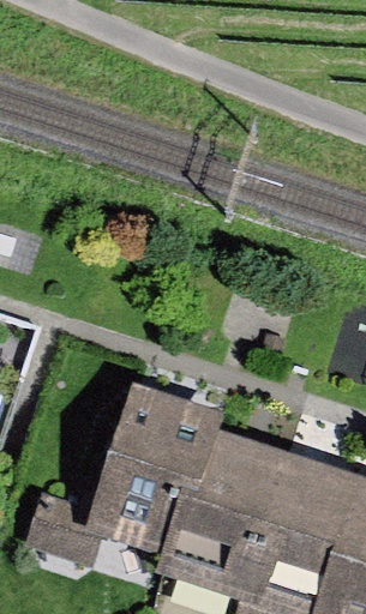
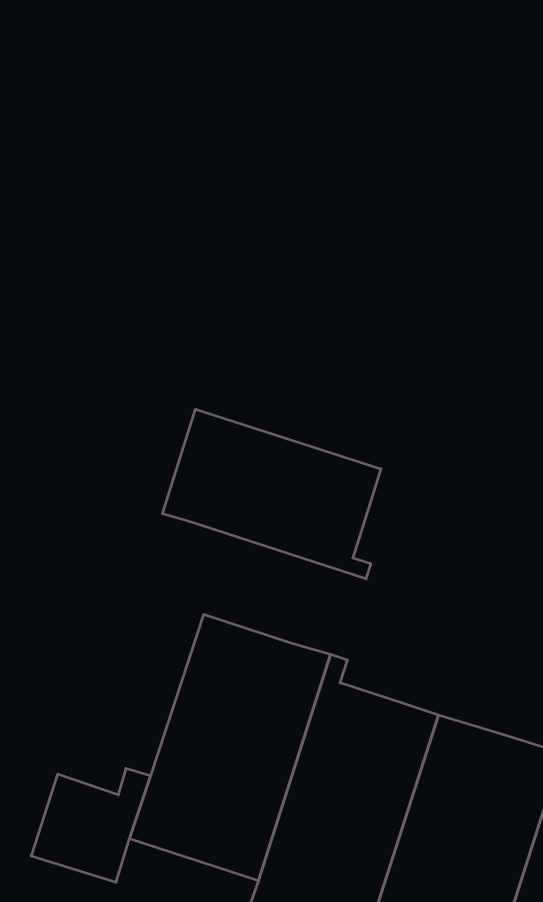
building: none -> [162,409,381,579]

